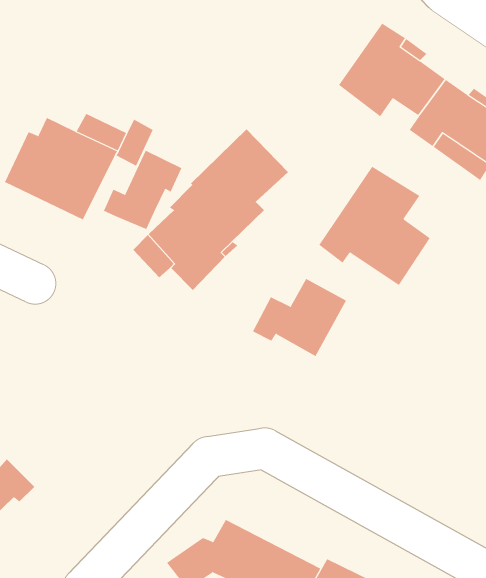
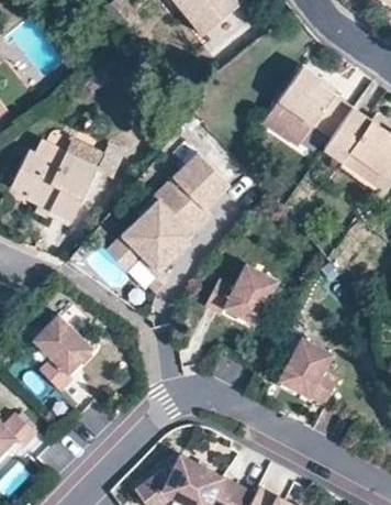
building: [103,150,182,230] -> none
building: [318,166,430,286] -> none
building: none -> [33,312,93,389]
building: none -> [275,340,335,408]

